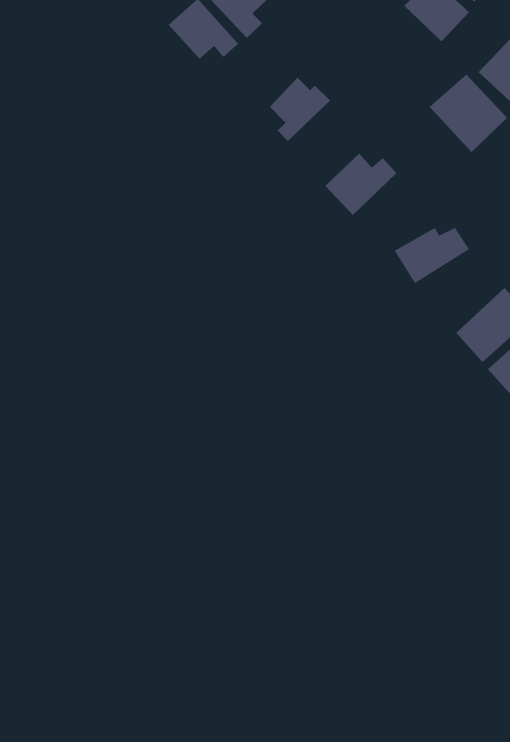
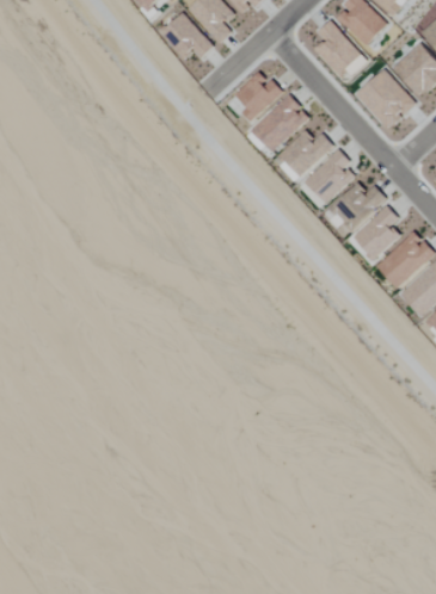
building: none -> [313,19,361,75]
building: none -> [251,93,307,151]
building: none -> [303,148,354,203]
building: none -> [352,205,399,259]

